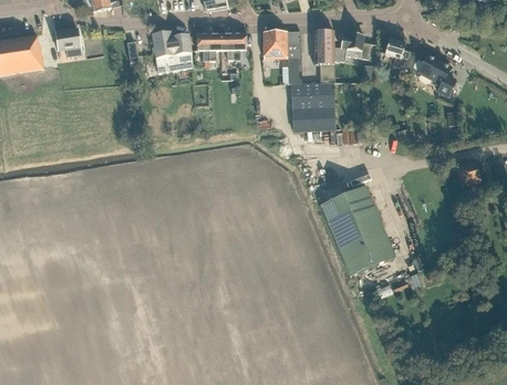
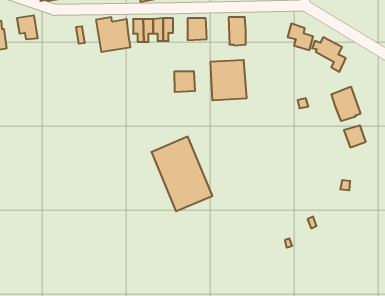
building: [334,32,371,61] -> none
building: none -> [175,71,195,92]
building: none -> [332,87,360,121]
building: [321,187,395,278] -> [151,137,212,211]

